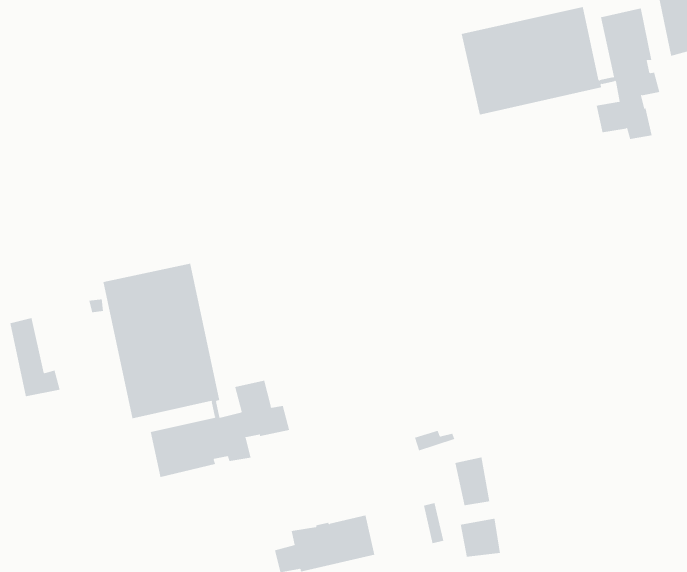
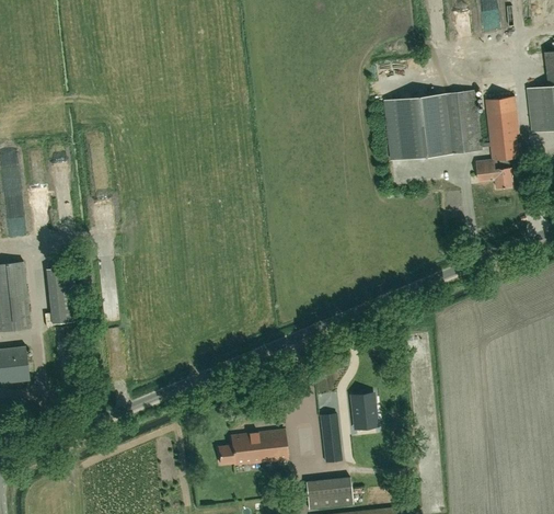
building: [103,263,290,478] -> none
building: [460,518,500,557] -> none

